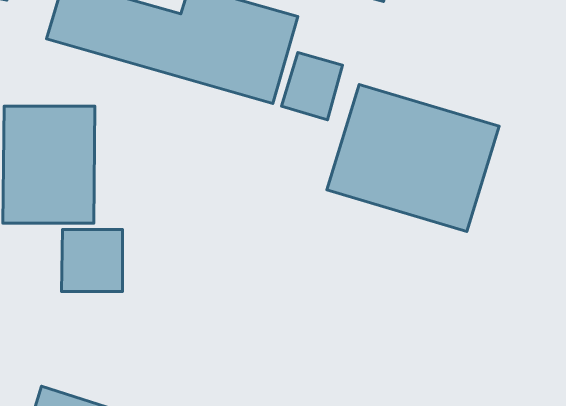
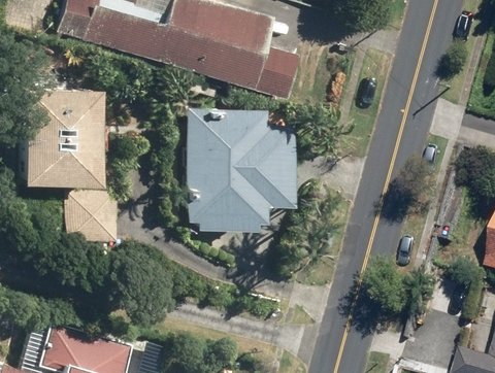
building: [327,85,499,231] -> none
building: none -> [188,107,290,232]

